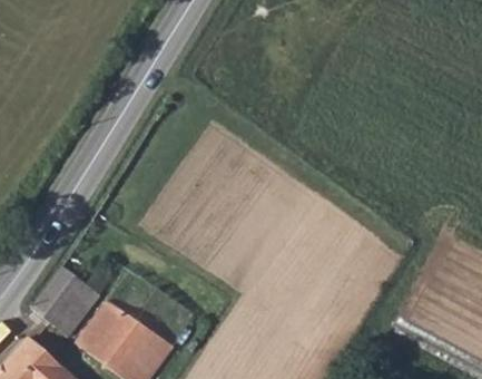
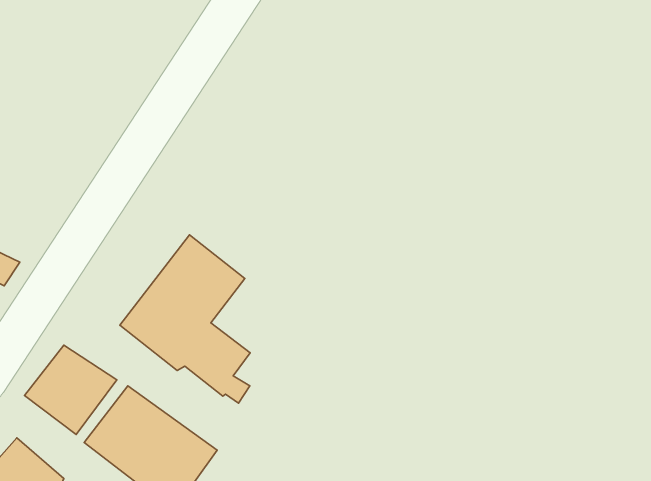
building: none -> [120,235,250,403]

